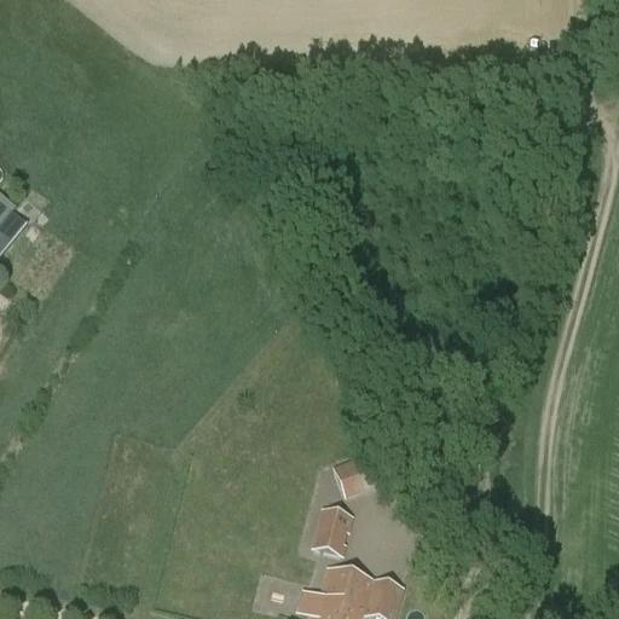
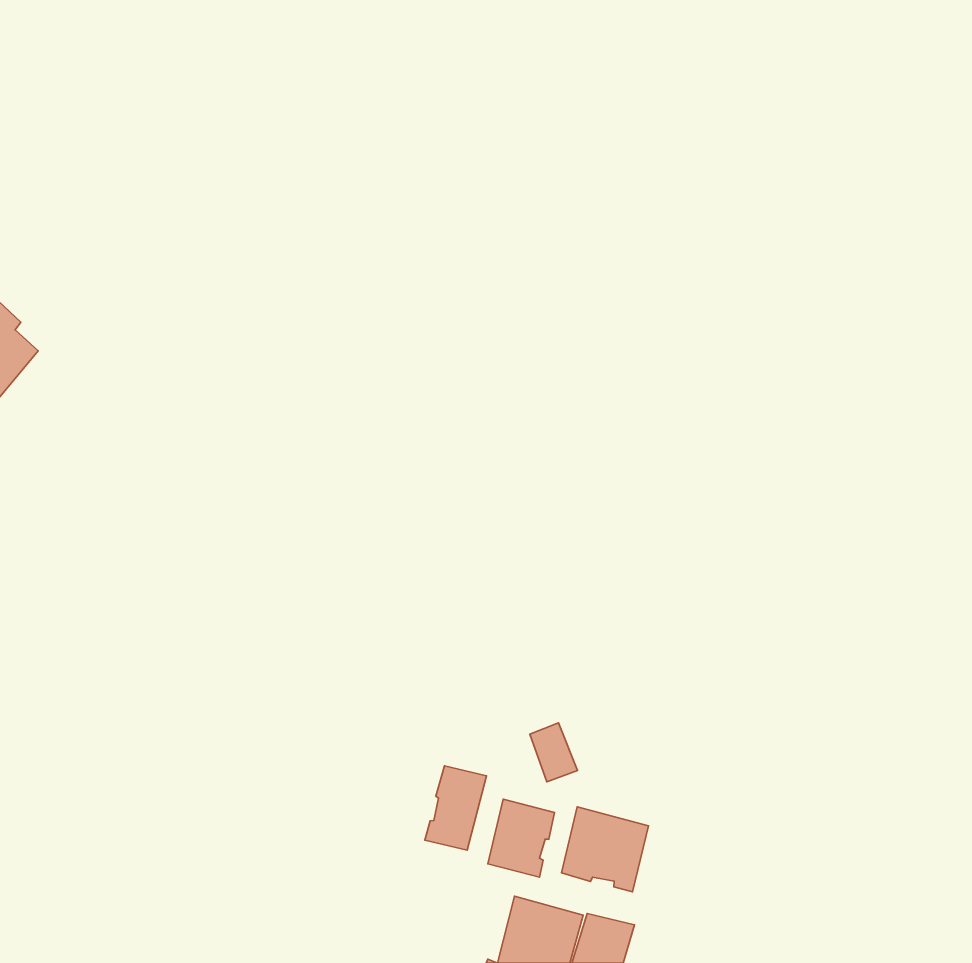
building: none -> [425,766,486,850]
building: none -> [561,807,649,892]

